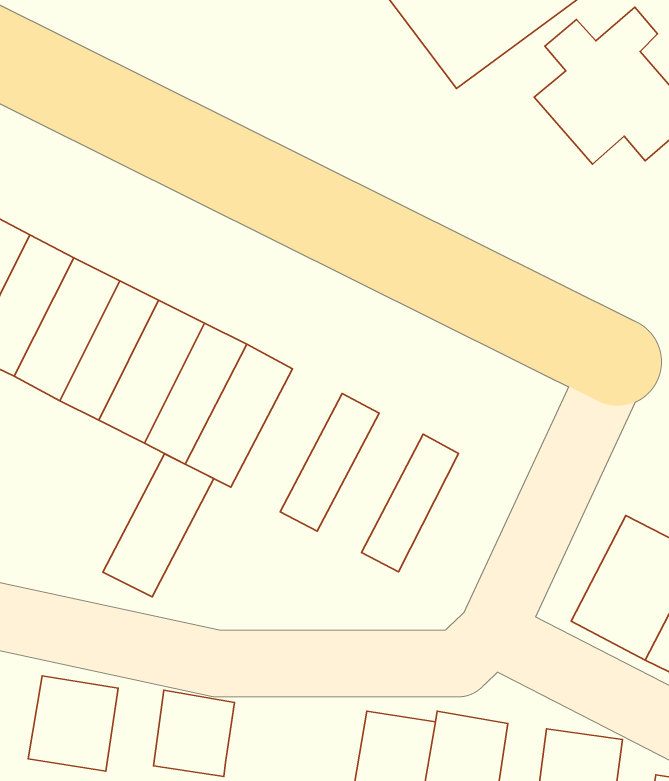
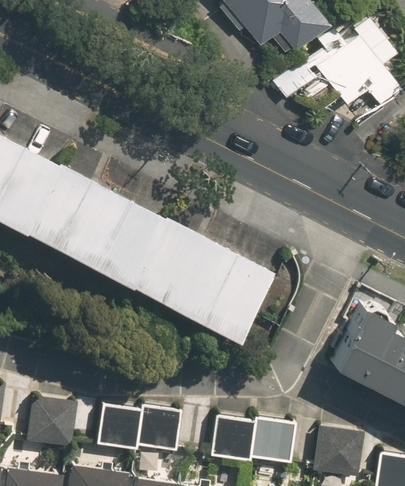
building: none -> [189,248,249,327]
building: [103,454,214,597] -> [140,223,203,304]
building: none -> [137,405,181,452]

